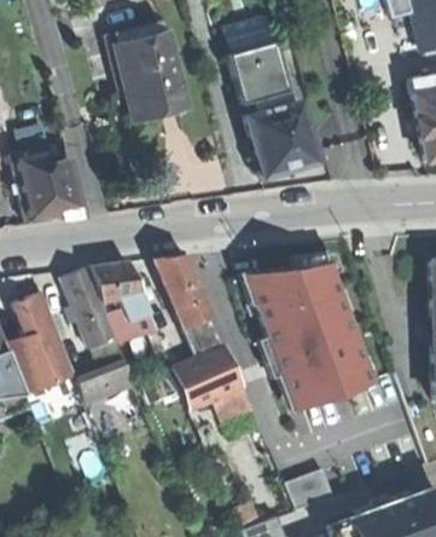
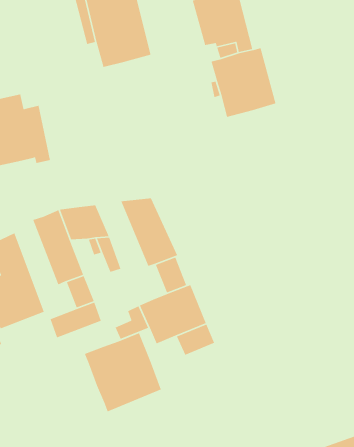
building: [244,261,376,405] -> none
building: none -> [84,332,162,412]
building: [290,468,336,508] -> none

